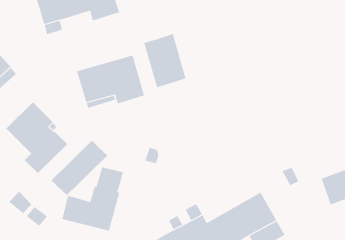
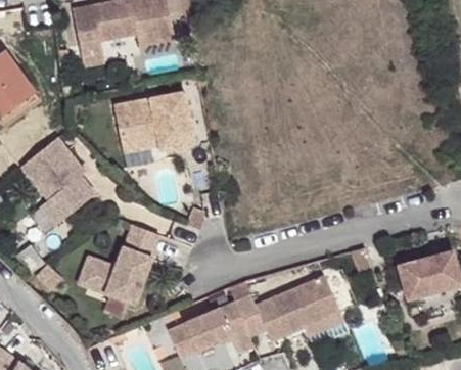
building: [144,33,186,88] -> none
building: [51,140,108,196] -> none

